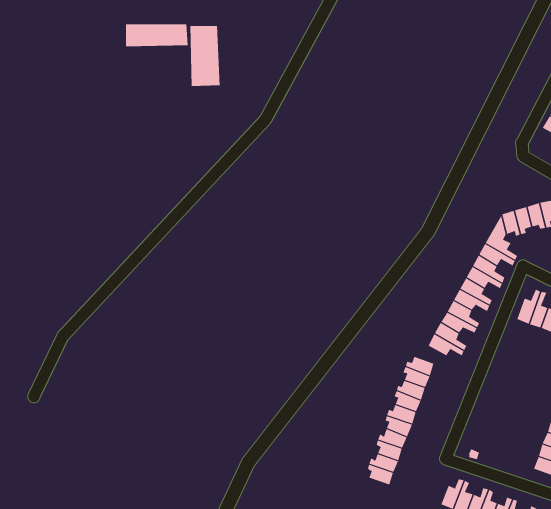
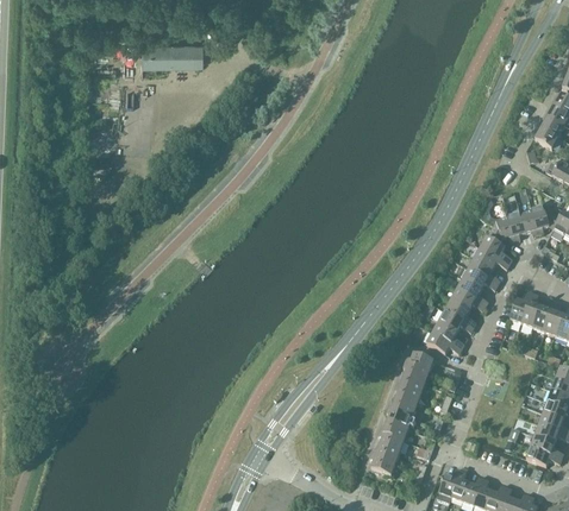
building: [190,25,220,87] -> none

